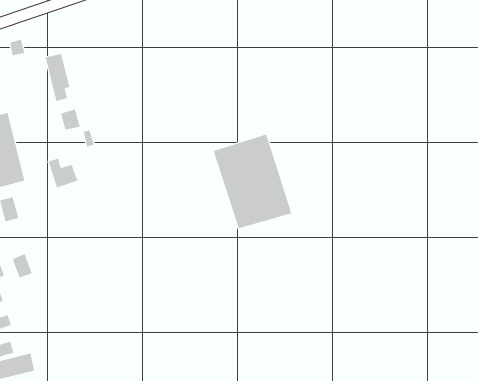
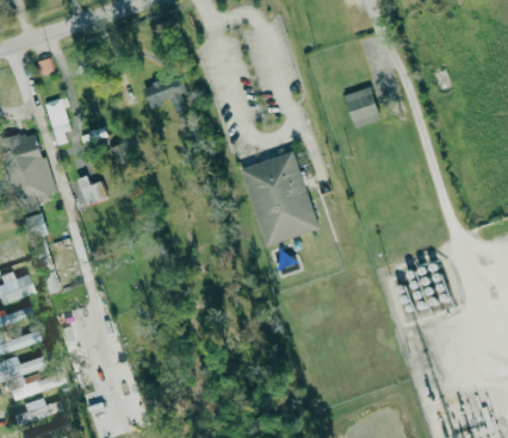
building: [45,54,70,102] -> [45,99,70,146]
building: none -> [143,76,192,113]
building: none -> [343,87,382,129]

